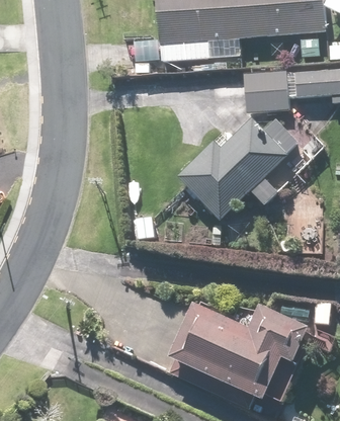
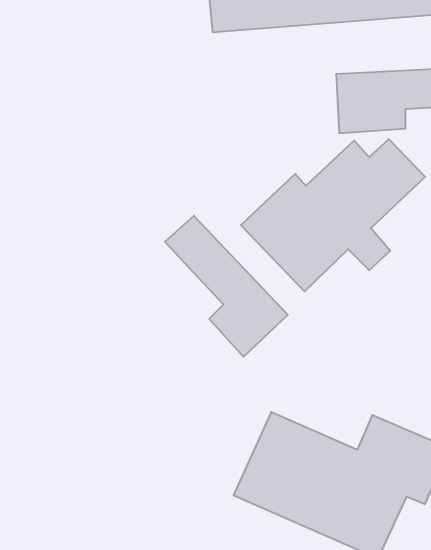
building: none -> [165,216,288,357]

